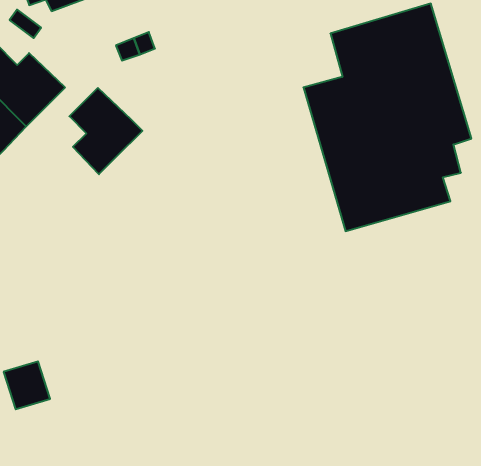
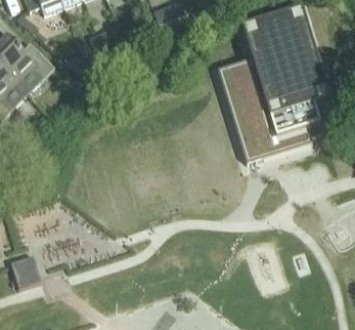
building: [69,88,142,174] -> none

